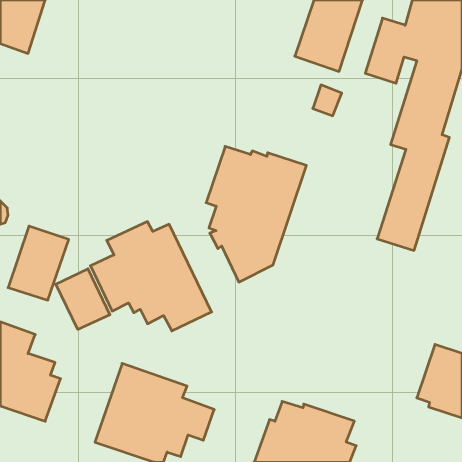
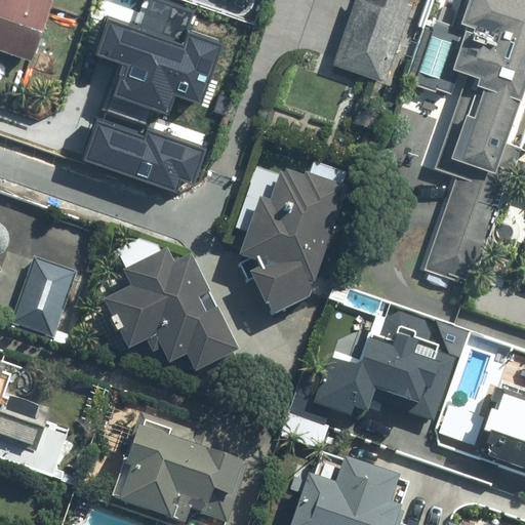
building: none -> [94,11,215,103]
building: none -> [83,112,199,179]
building: [56,269,110,329] -> none
building: none -> [311,313,441,421]

